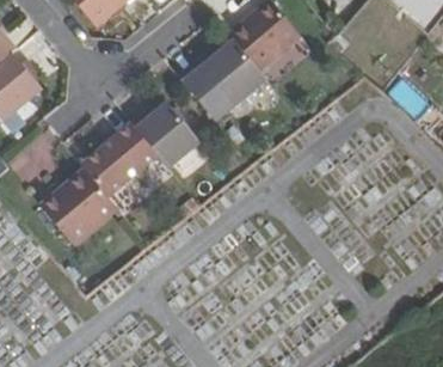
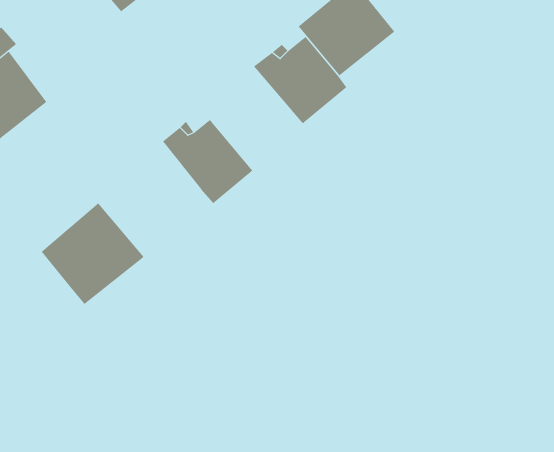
building: [75,121,154,197] -> none

